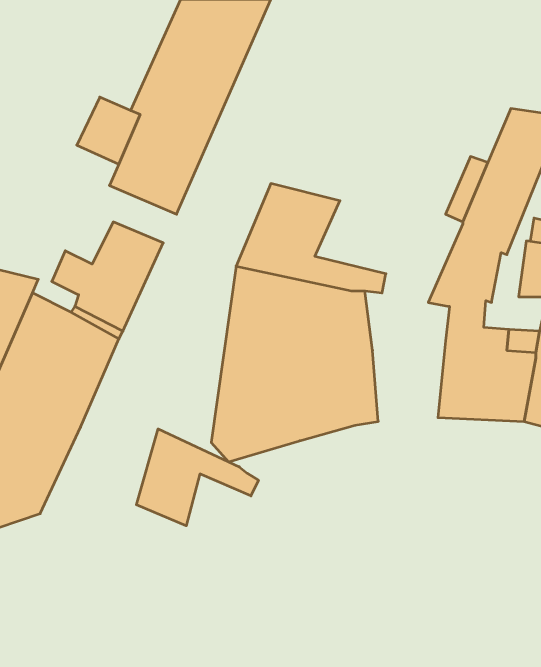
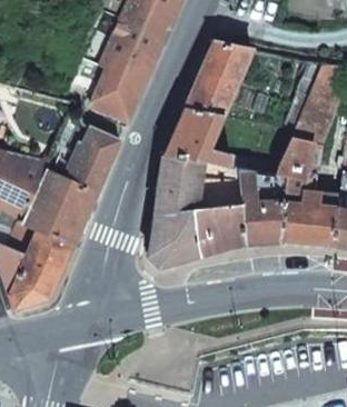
building: none -> [182,40,252,117]
building: none -> [237,169,284,245]
building: [136,429,258,526] -> none

